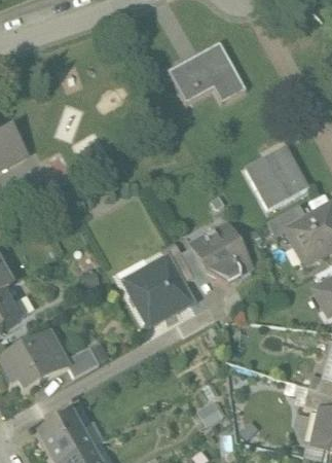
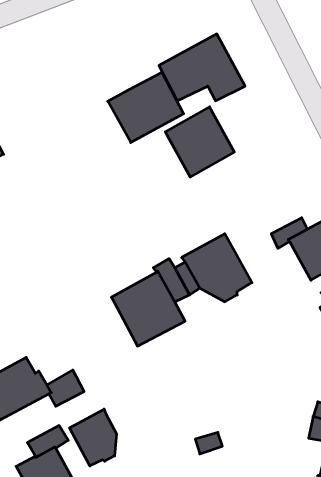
building: none -> [108,72,184,143]
building: [246,143,308,207] -> [165,107,234,177]
building: none -> [70,409,116,466]

